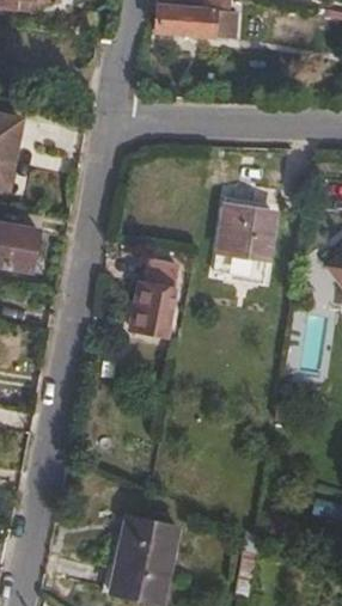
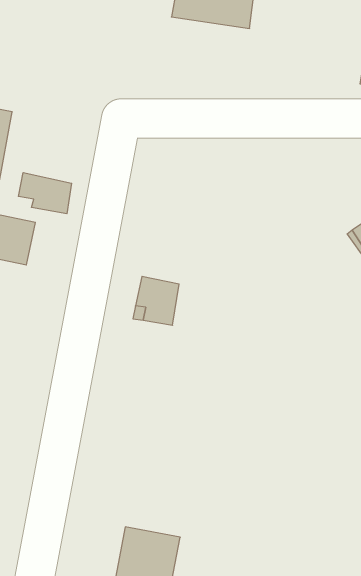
building: none -> [18,173,72,214]
building: [209,200,271,283] -> none

